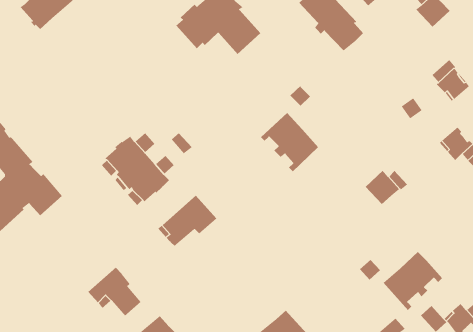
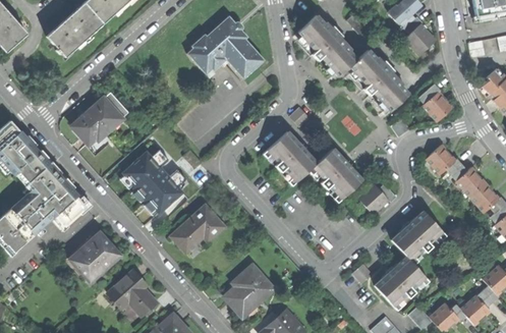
building: none -> [350,49,409,110]
building: none -> [72,92,128,144]
building: none -> [308,148,362,202]
building: none -> [392,210,446,264]
building: none -> [70,232,120,281]
building: none -> [225,265,273,315]

